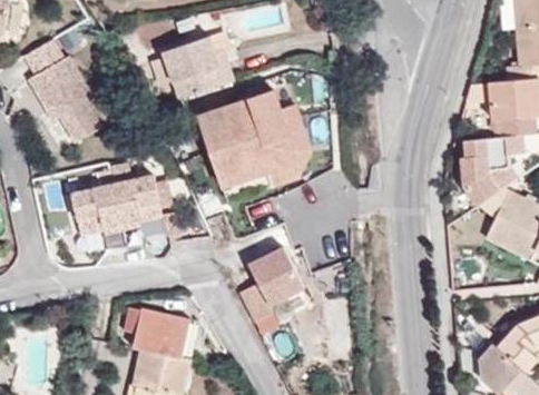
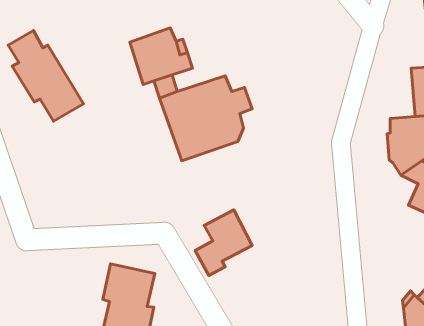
building: [266,128,313,188] -> none
building: [71,174,163,234] -> none

